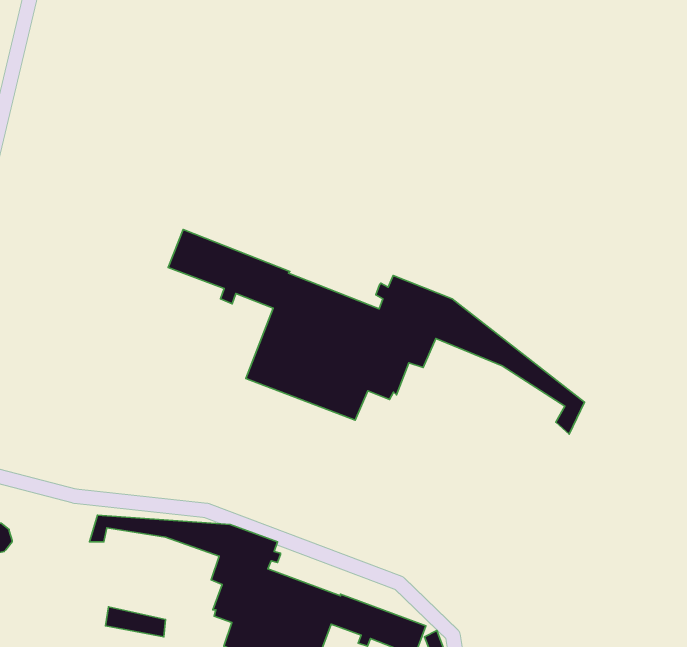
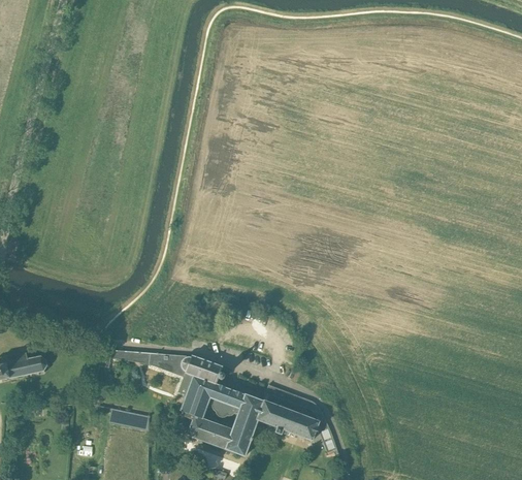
building: [168,230,585,434] -> none

